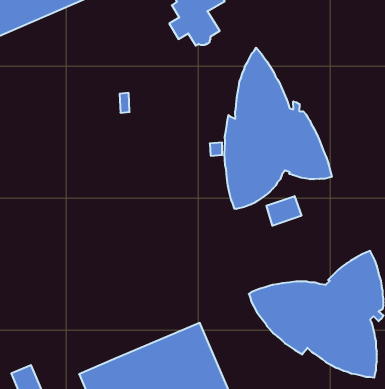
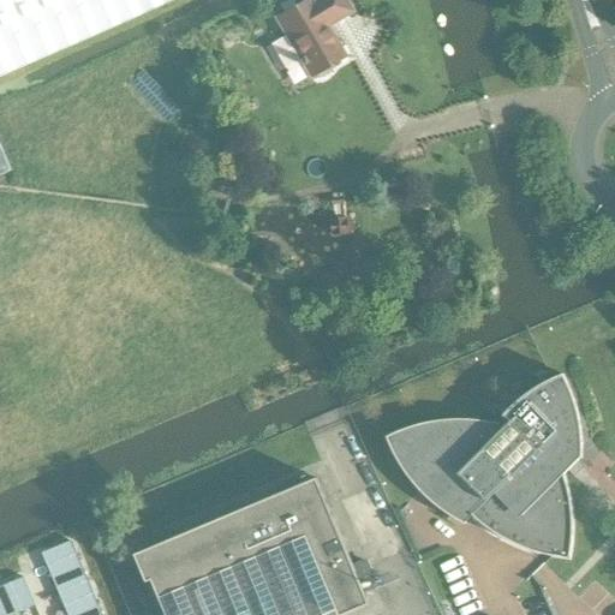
building: [224,48,332,209] -> none
building: [266,196,301,226] -> none

